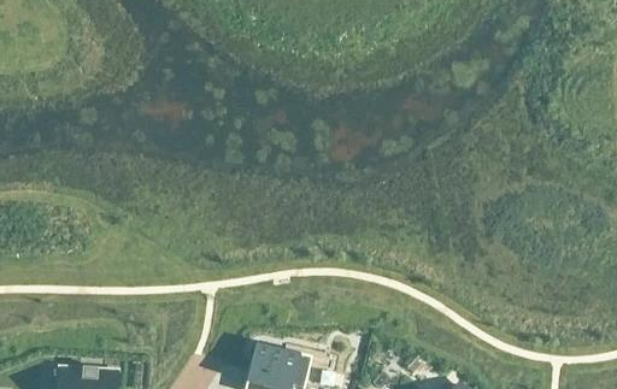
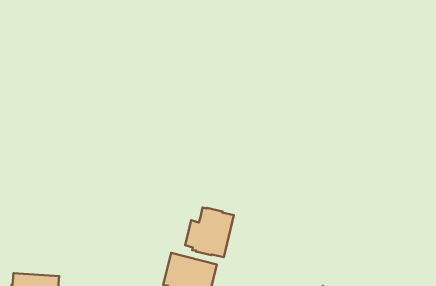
building: none -> [185,207,234,257]

